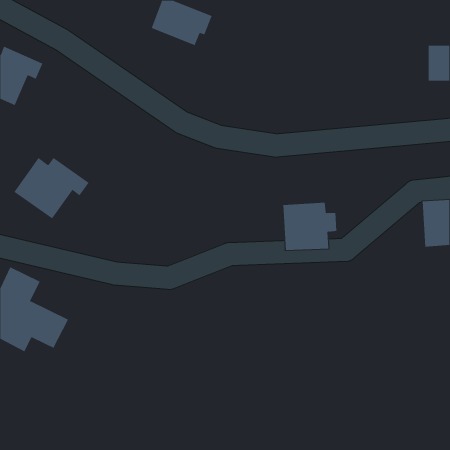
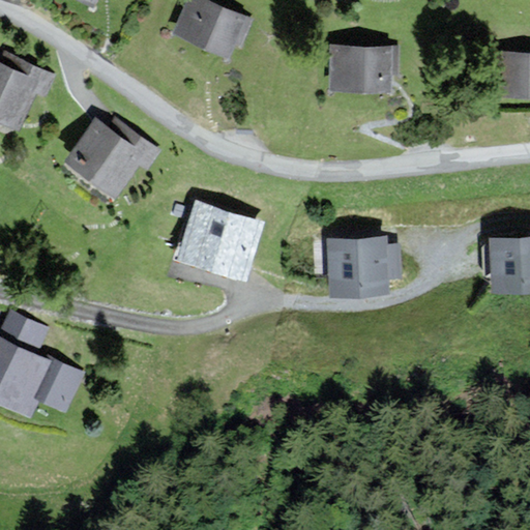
building: none -> [330,48,396,89]
building: [14,157,89,219] -> [67,121,156,194]
building: none -> [180,206,260,278]

